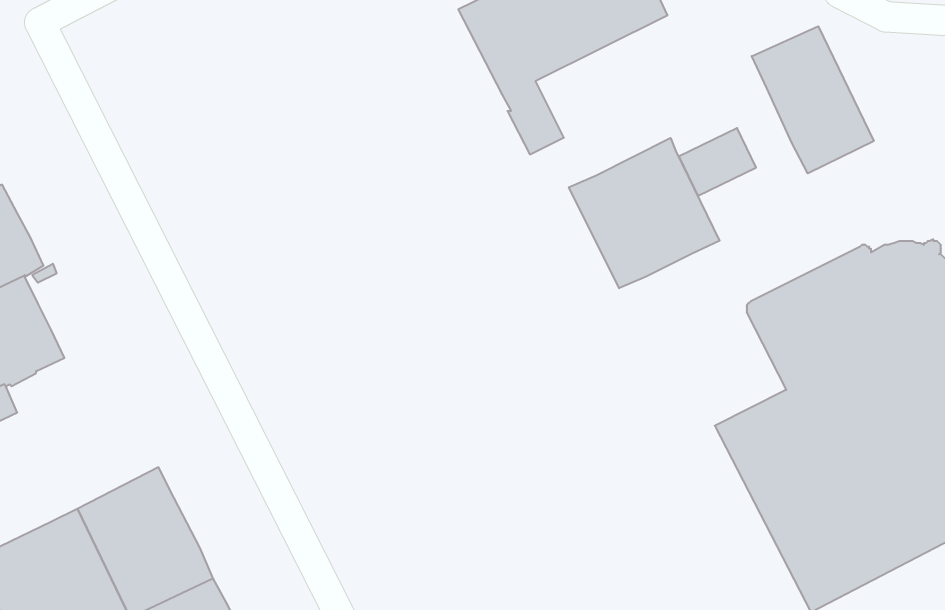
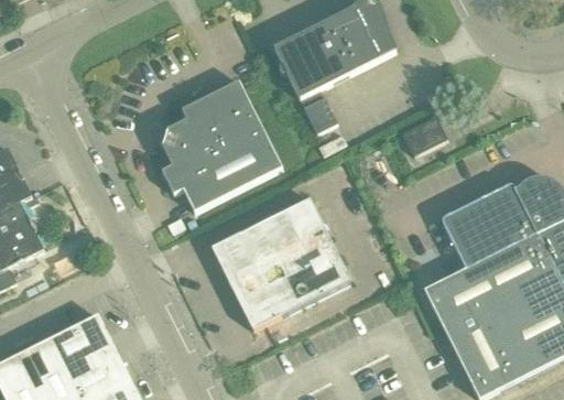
building: [752,26,874,173] -> none
building: none -> [161,78,282,210]
building: [569,138,720,288] -> none
building: none -> [212,197,350,328]

